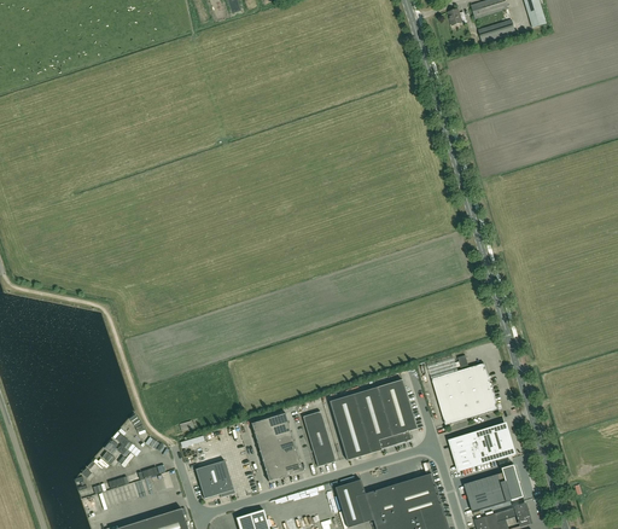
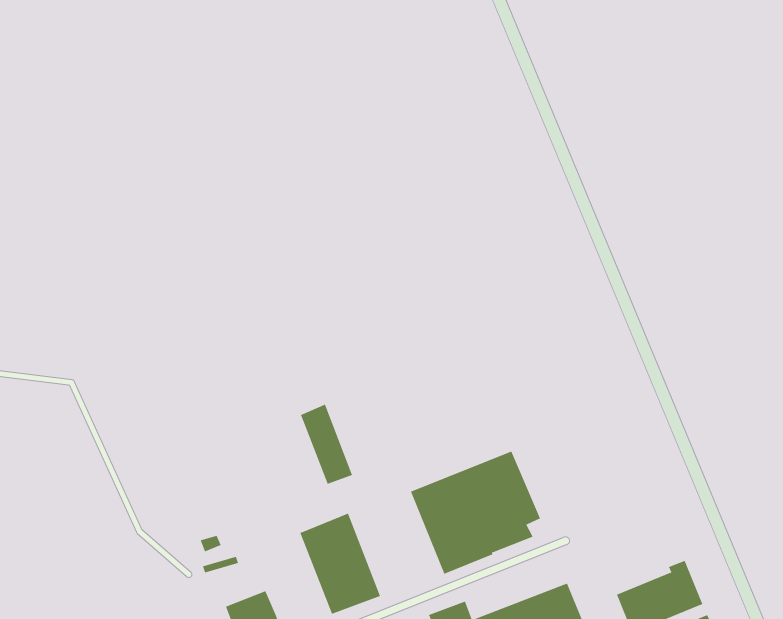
building: [431,355,497,425] -> none
building: [302,411,334,466] -> [300,404,353,485]
building: [449,425,511,470] -> none

